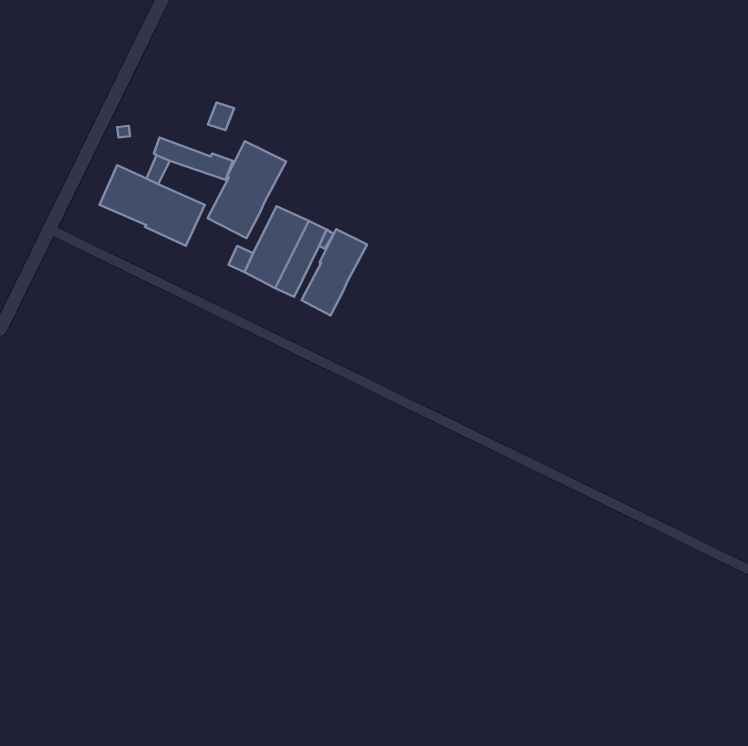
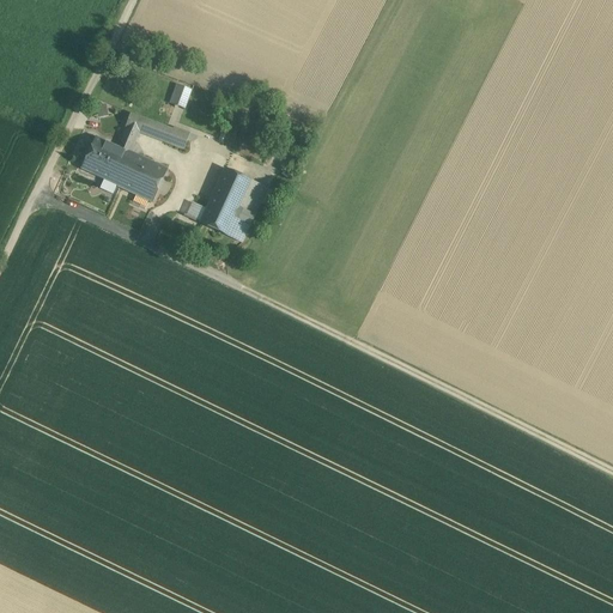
building: [207,141,286,238] -> none
building: [301,229,367,315] -> none

